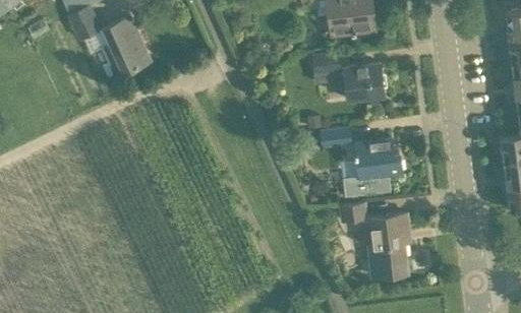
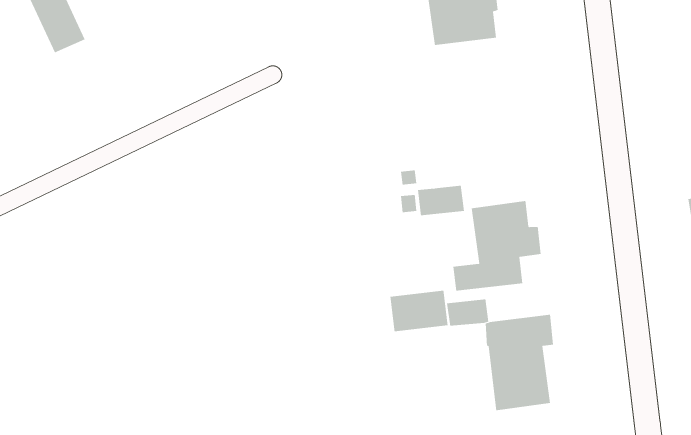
building: [104,18,151,76] -> none
building: [312,53,385,102] -> none
building: none -> [390,290,448,332]

